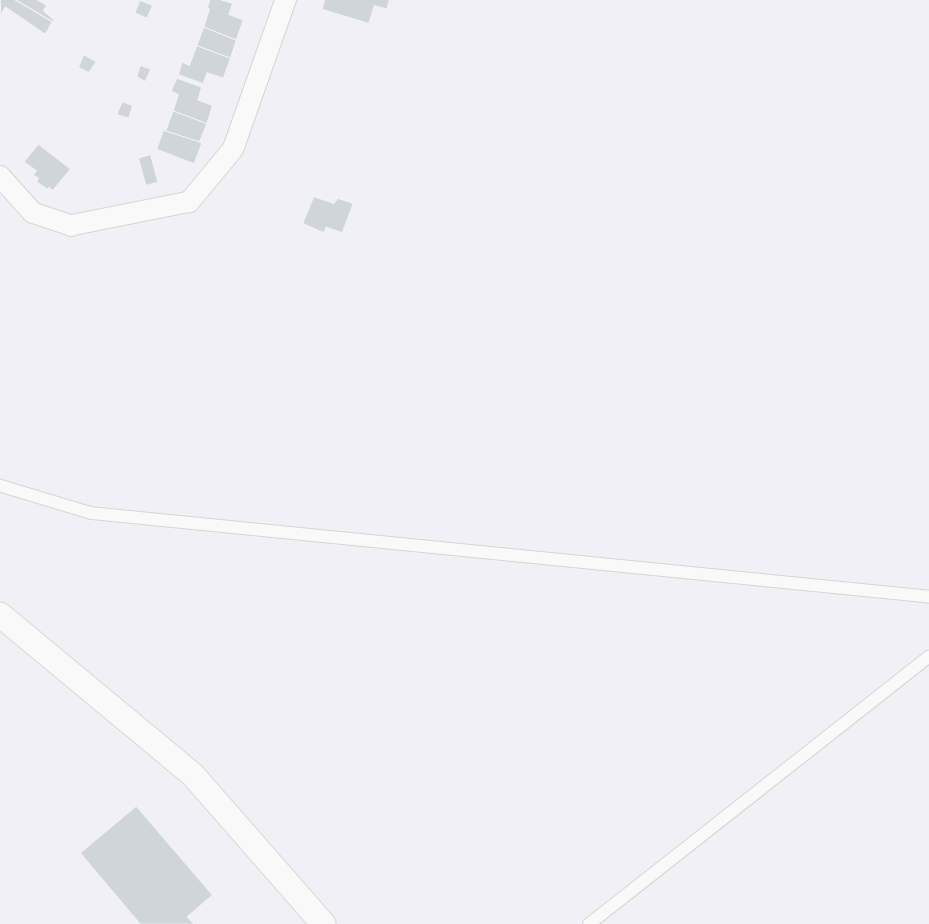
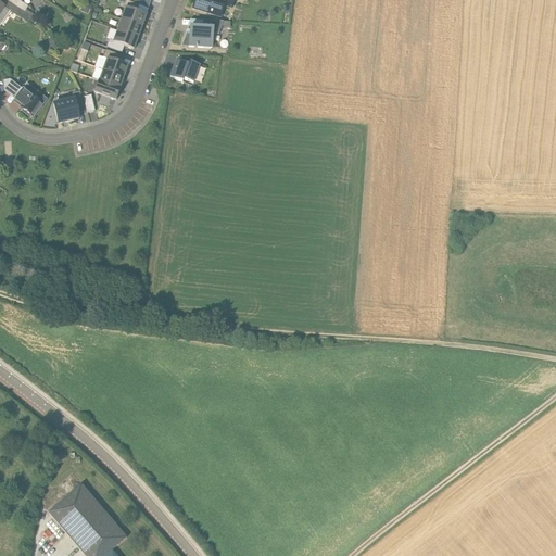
building: none -> [180,17,225,46]
building: none -> [52,89,84,122]
building: [302,196,353,233] -> [169,58,200,79]

